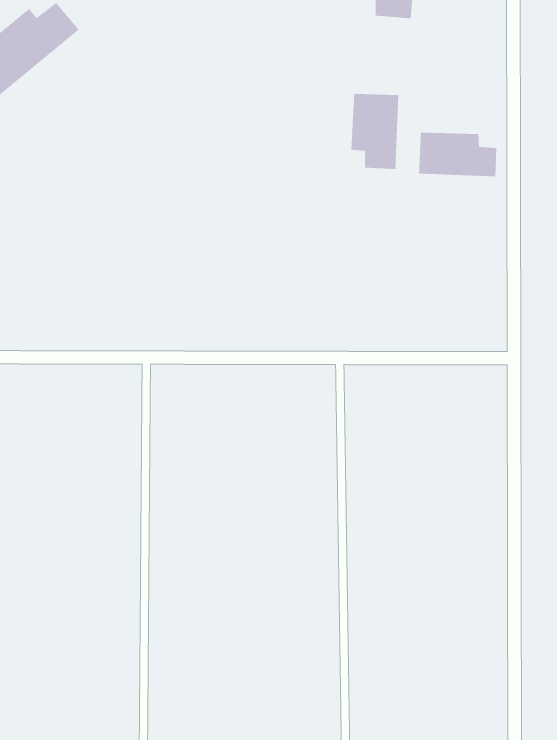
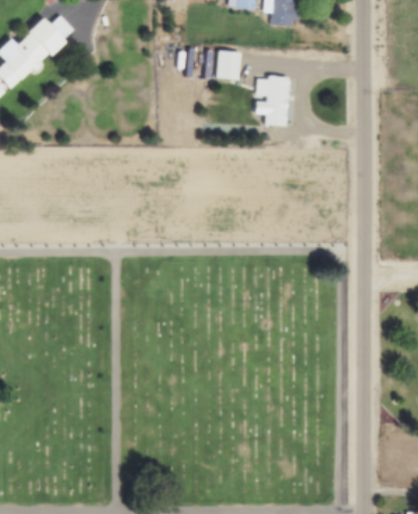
building: none -> [217,51,238,78]
building: [419,132,497,177] -> none

